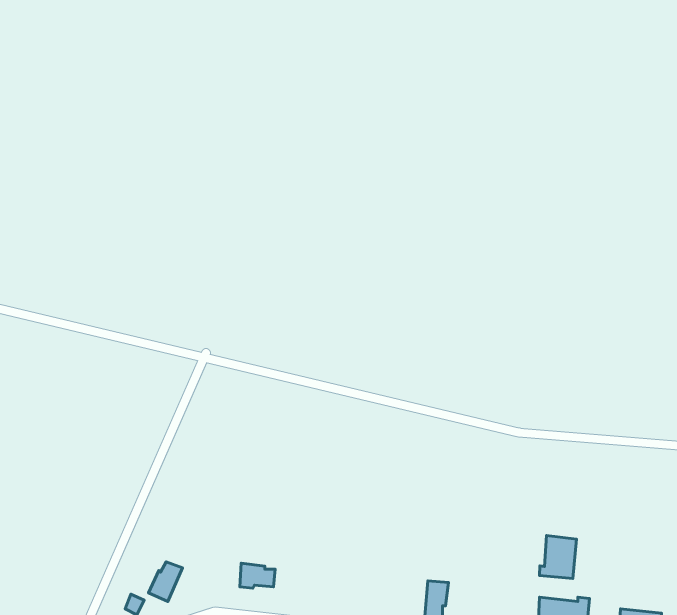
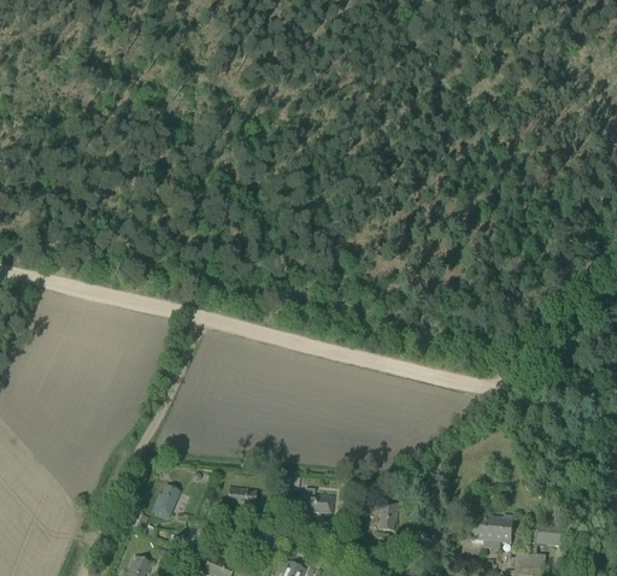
building: [540,535,577,578] -> none
building: none -> [302,488,333,513]

